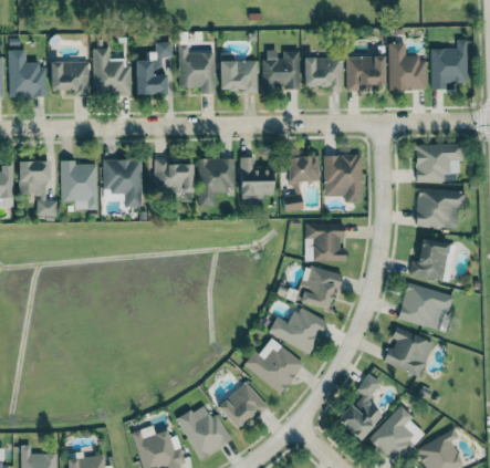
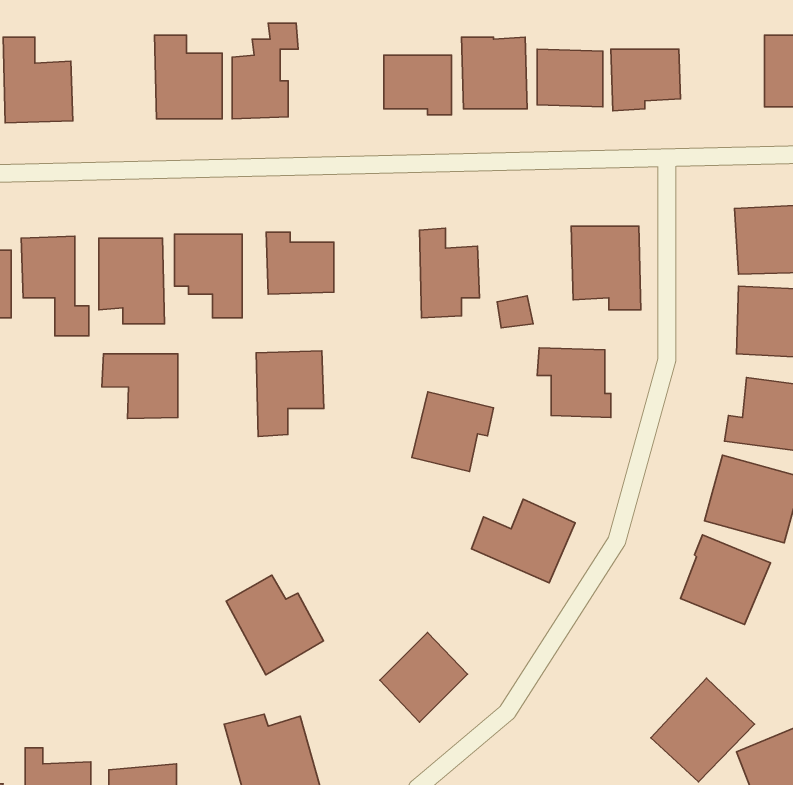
building: [388,42,427,91] -> none
building: [179,44,216,93] -> none
building: [51,61,90,96] -> none
building: [288,156,321,183] -> none
building: [198,158,236,206] -> [256,351,324,436]
building: none -> [102,354,178,419]
building: [298,264,343,309] -> [412,392,493,472]
building: [244,337,304,393] -> none
building: [338,374,383,440] -> none
building: [178,404,232,459] -> [226,575,324,675]

